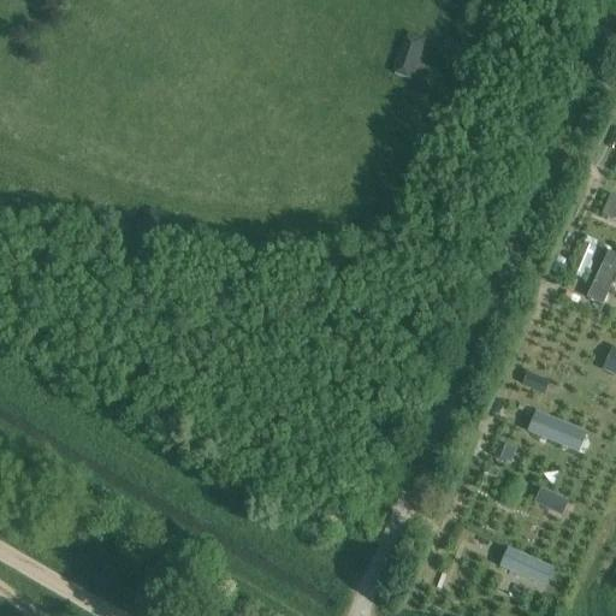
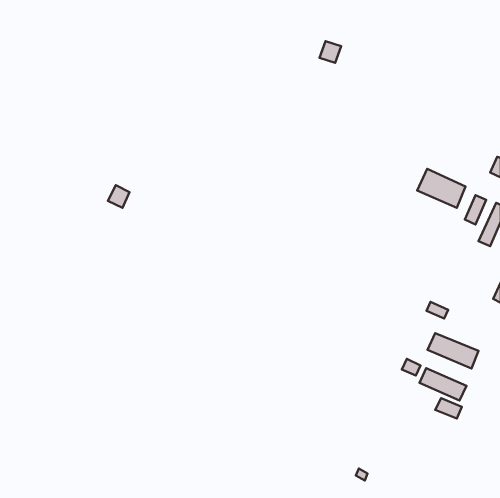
building: none -> [417,169,466,208]
building: [498,547,556,587] -> [419,368,466,400]

